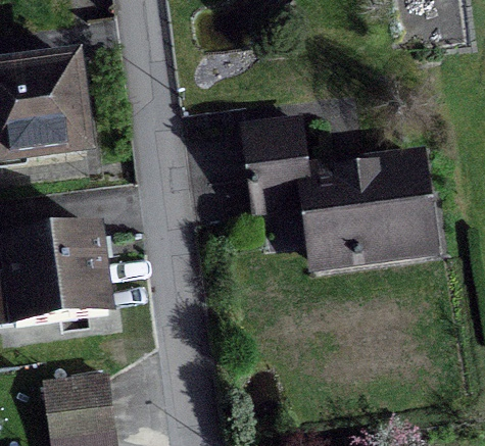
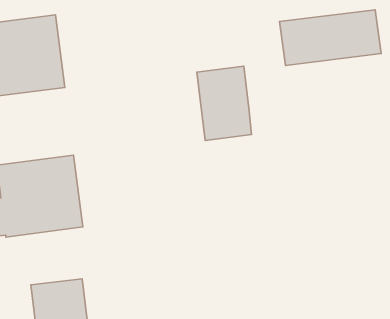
building: none -> [280,10,381,66]
building: [307,157,432,263] -> none

